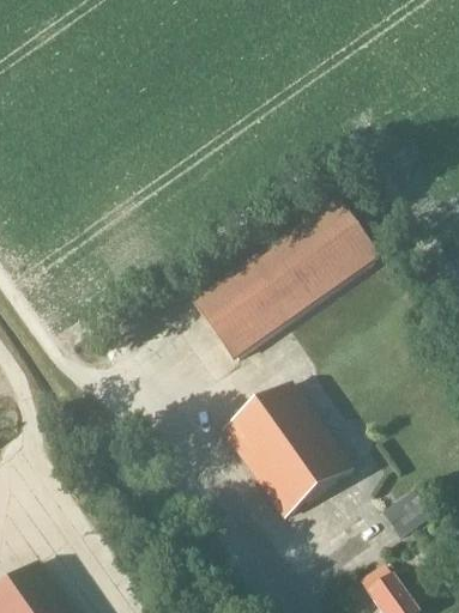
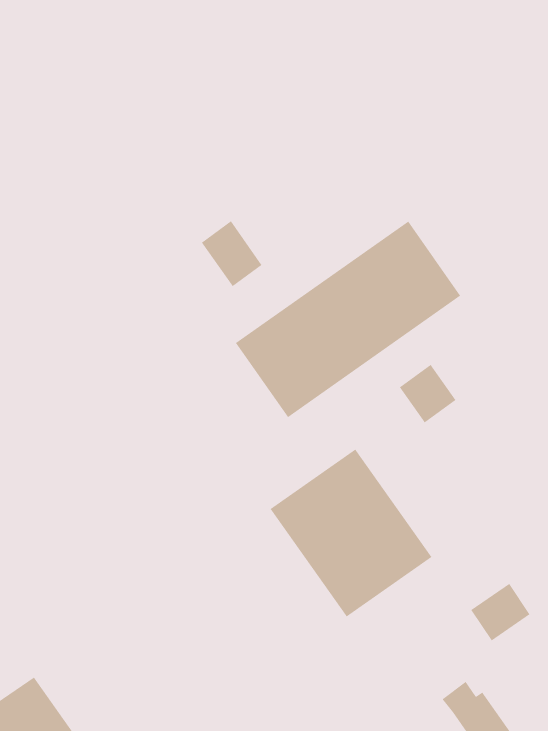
building: none -> [201,220,263,287]
building: none -> [399,364,456,424]

